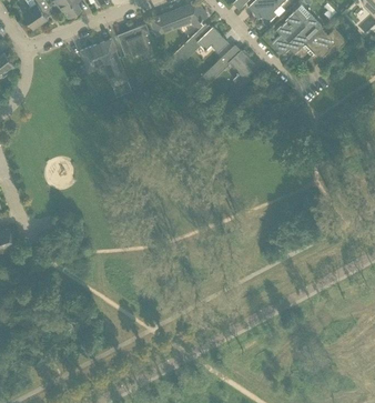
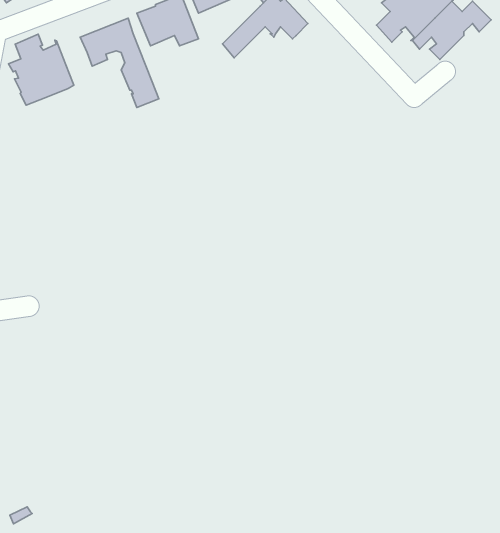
building: [196,43,252,84] -> none
building: none -> [9,34,74,105]

